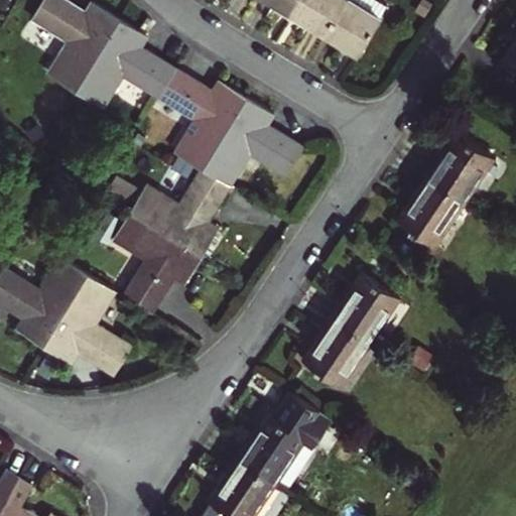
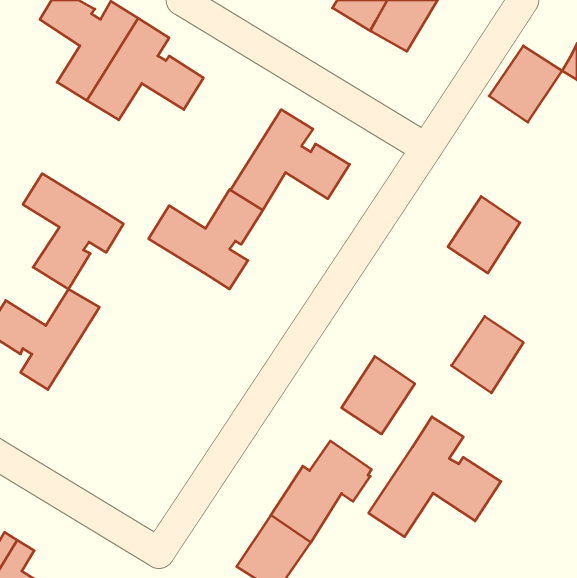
building: [162,74,248,172] -> none
building: [424,134,489,202] -> [489,46,562,122]
building: [114,216,203,317] -> [23,174,123,289]
building: [42,276,132,378] -> none
building: [331,276,394,344] -> [451,316,523,393]
building: none -> [369,417,501,537]

